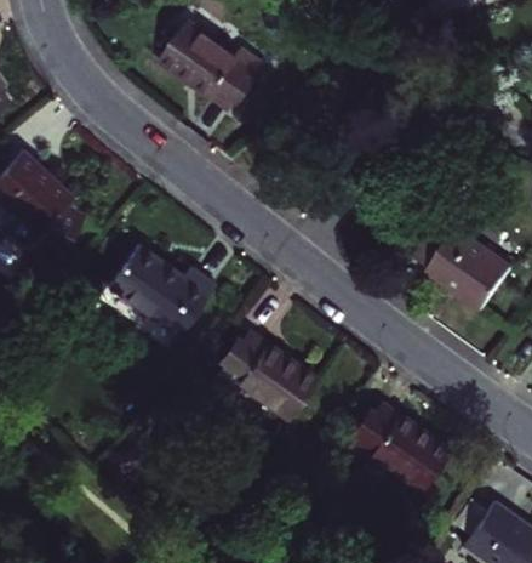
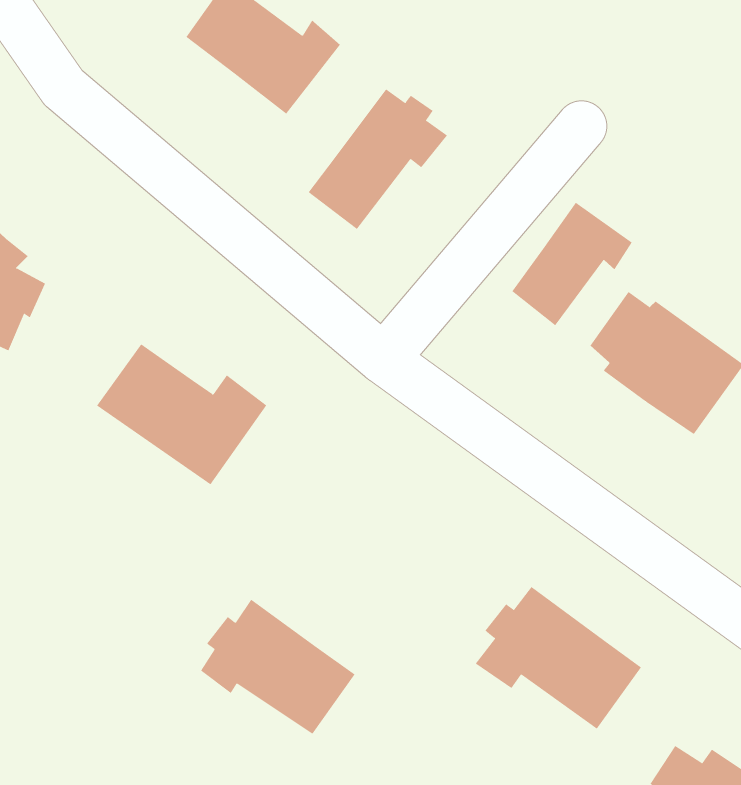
building: none -> [308,88,448,230]
building: none -> [511,202,632,326]
building: [219,334,316,419] -> [200,599,356,735]

